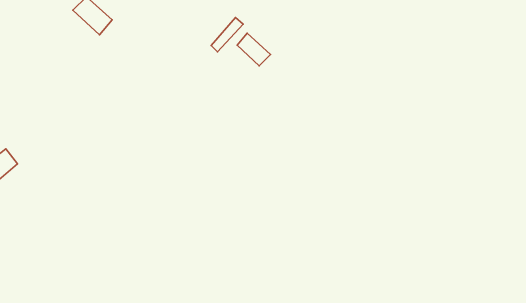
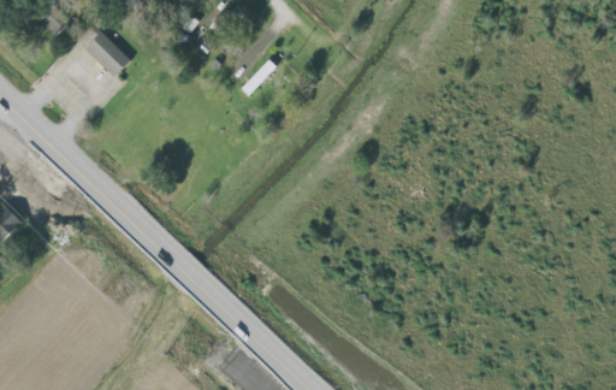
building: [237,33,270,66] -> none

